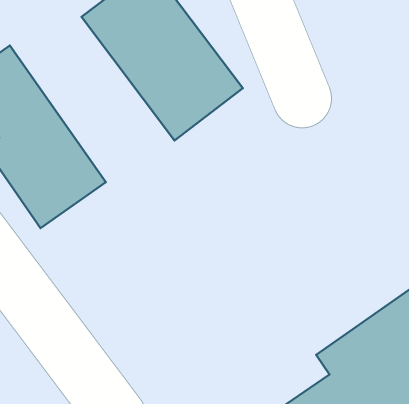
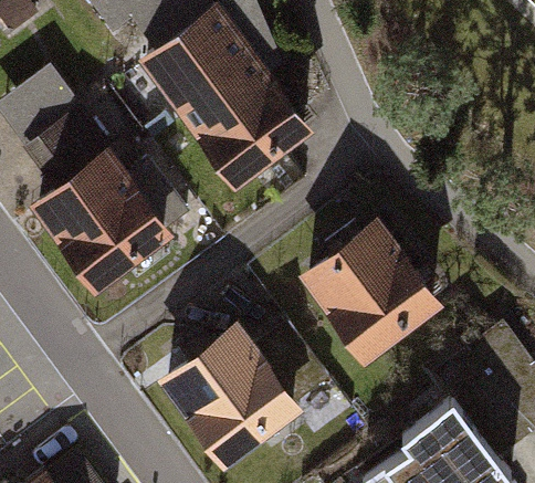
building: none -> [294,216,447,370]
building: none -> [164,321,312,468]

